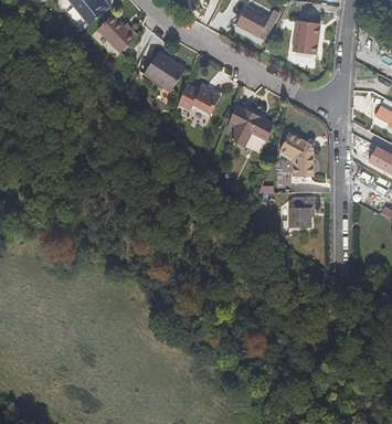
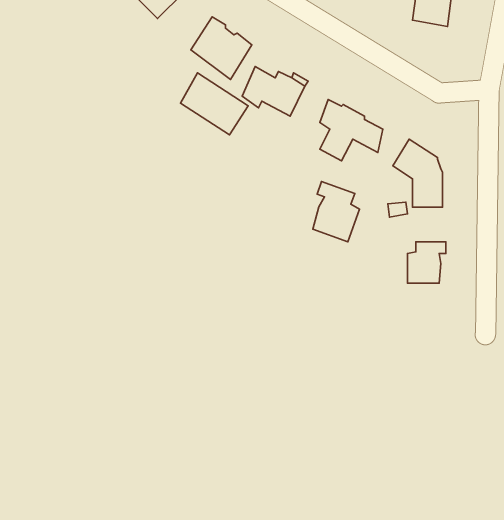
building: none -> [180,73,248,135]
building: none -> [313,182,359,242]

